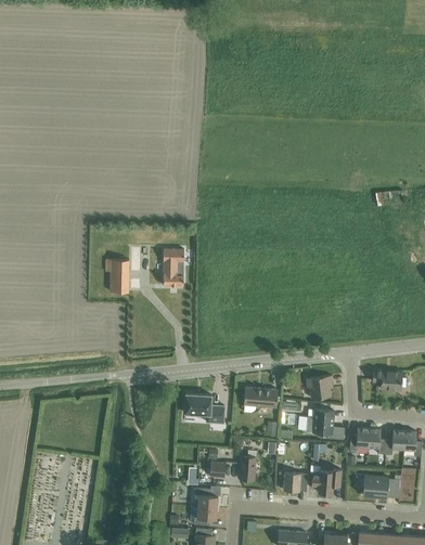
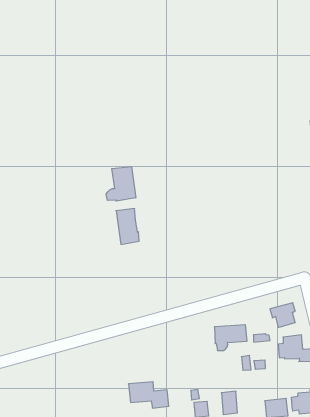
building: none -> [106,167,136,201]
building: [104,259,128,291] -> none
building: [184,393,224,424] -> [128,382,169,408]

